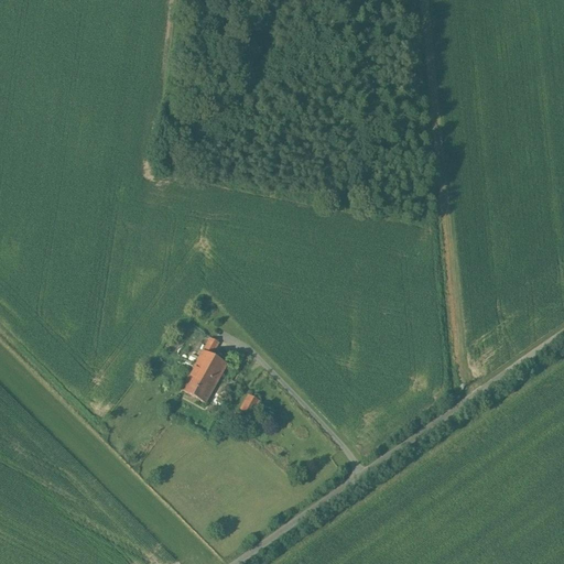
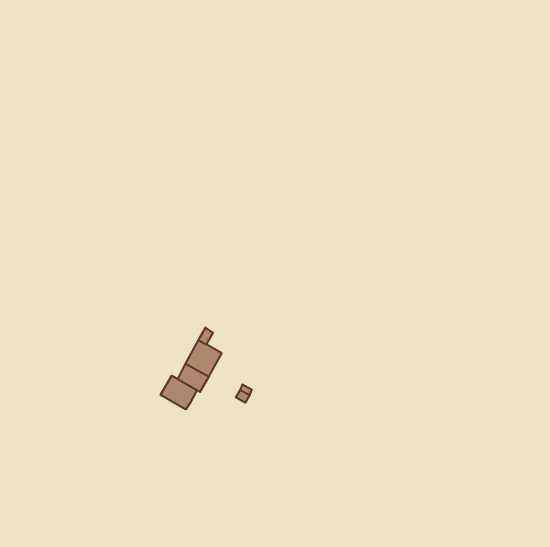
building: none -> [161,376,197,409]

